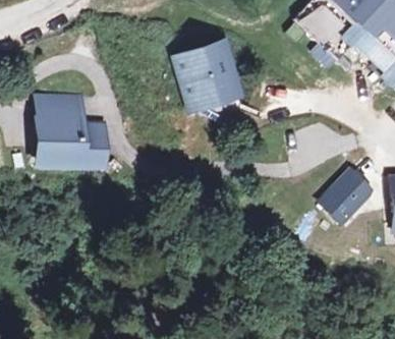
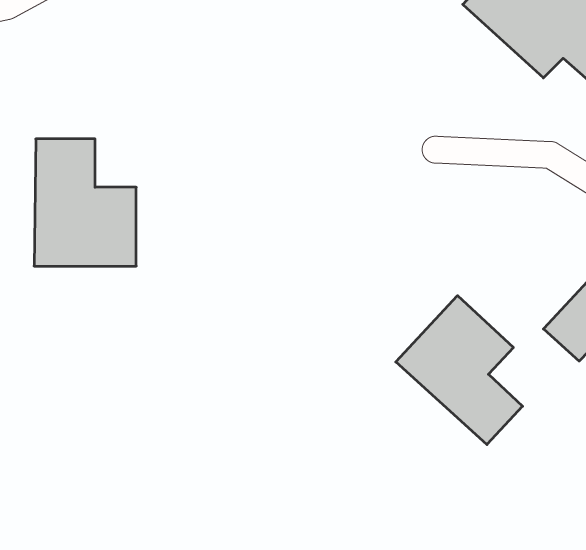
building: [175,37,251,114] -> none
building: none -> [396,296,523,445]

